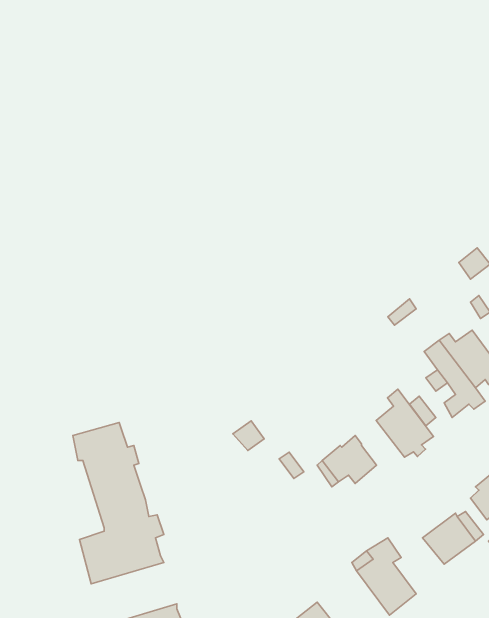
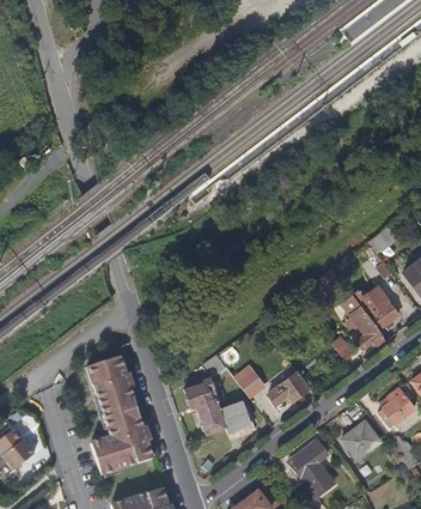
building: [376,389,433,457] -> none
building: none -> [183,377,251,436]

